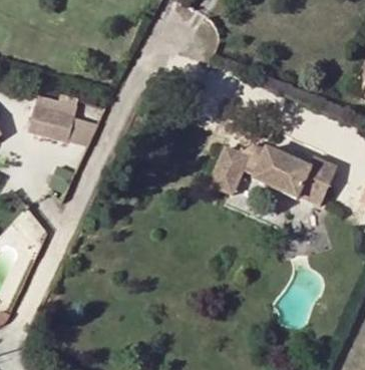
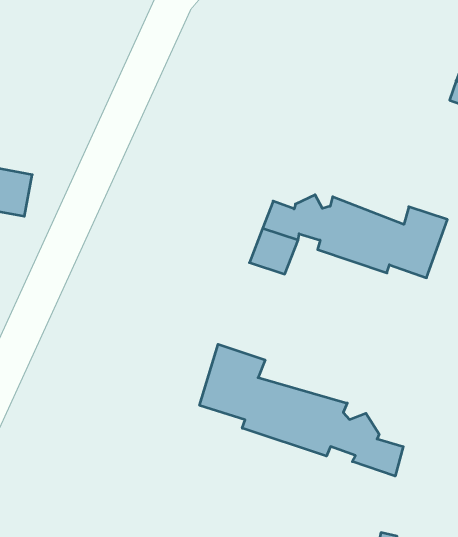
building: none -> [200,344,403,476]

